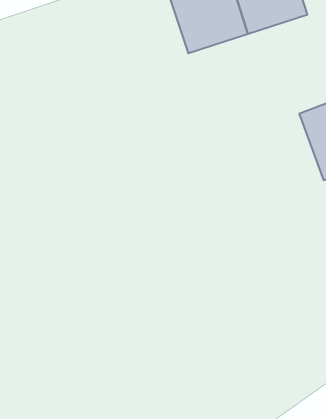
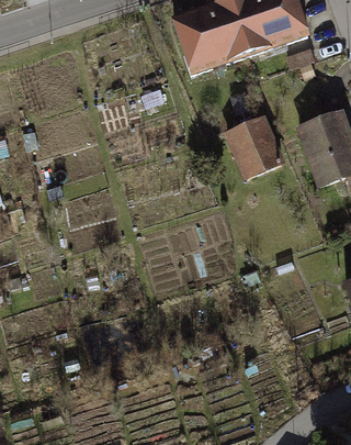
building: none -> [223,115,281,177]

